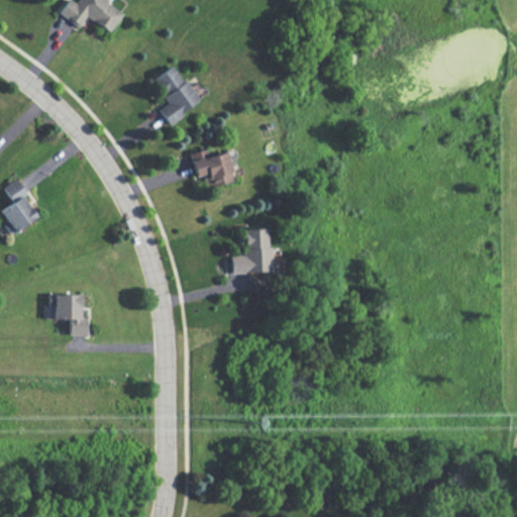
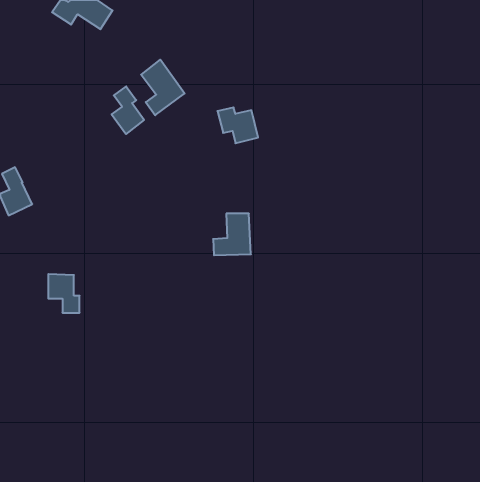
building: none -> [112,86,144,134]
building: [191,149,234,188] -> [217,107,258,143]

